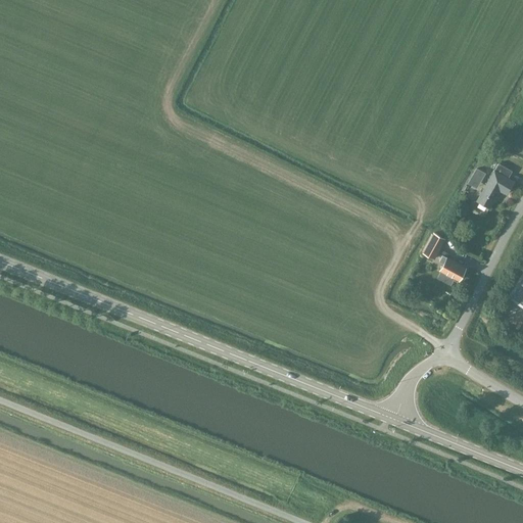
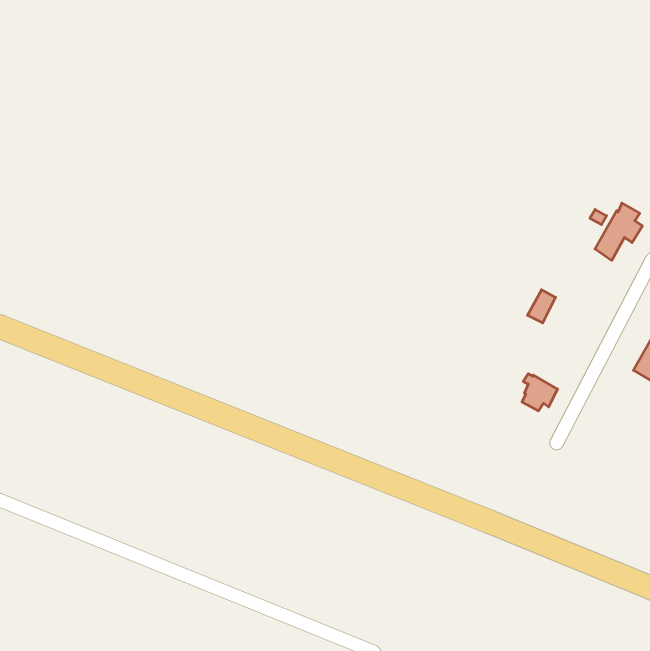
building: [439,255,468,285] -> [522,374,558,411]

